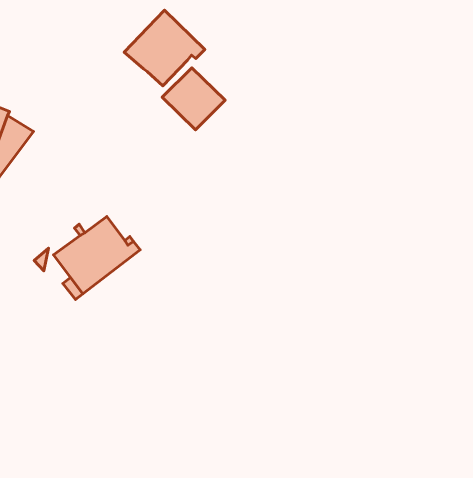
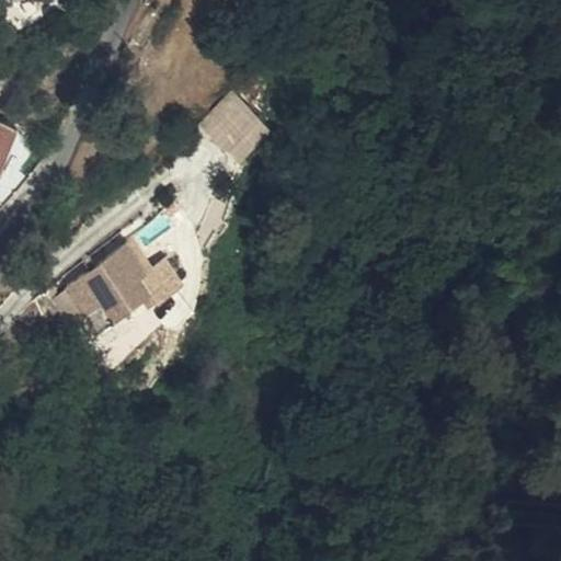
building: [124,10,205,86] -> none

